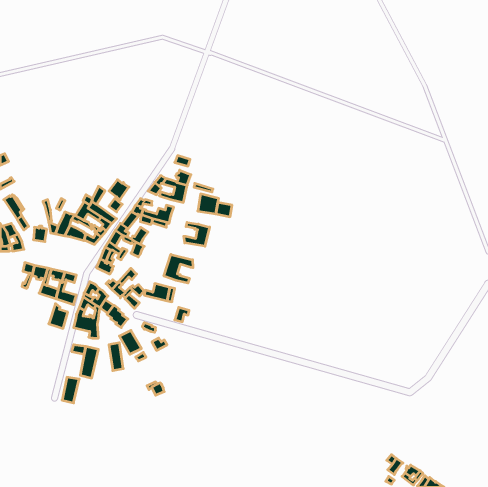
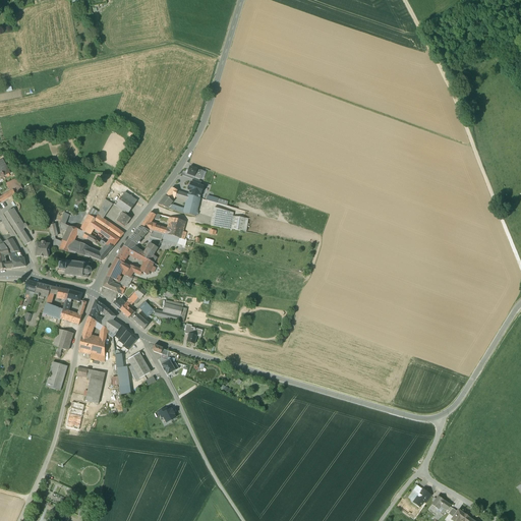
building: [184,222,210,246] -> none
building: none -> [59,260,91,277]
building: [164,254,193,283] -> none
building: none -> [46,361,67,390]

